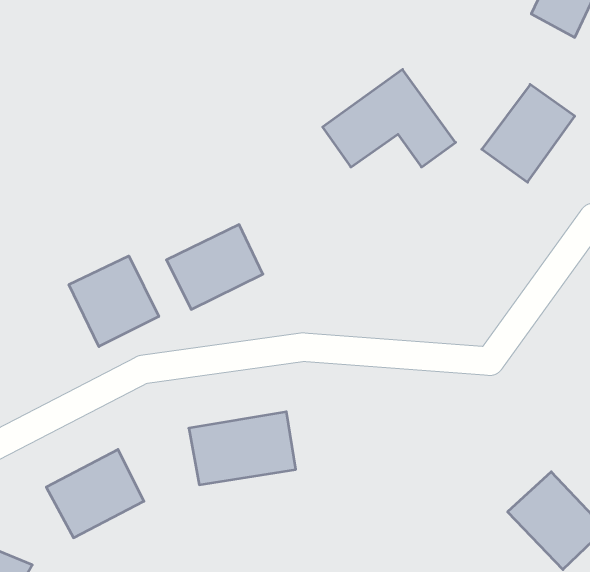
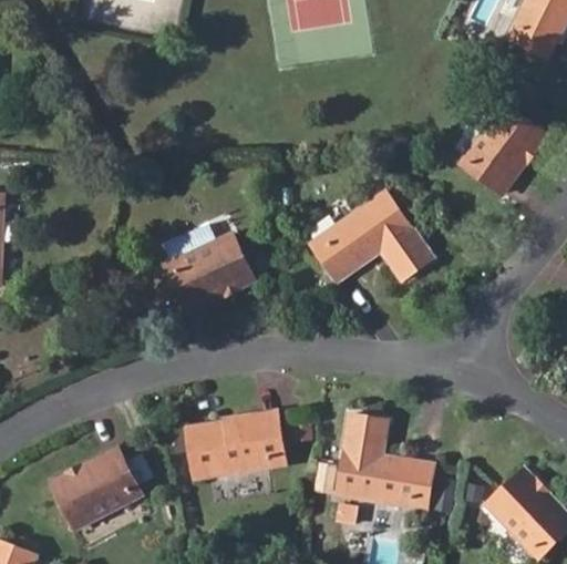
building: [323,69,456,167] -> [309,189,434,281]
building: [69,256,159,347] -> none
building: none -> [336,413,434,511]

